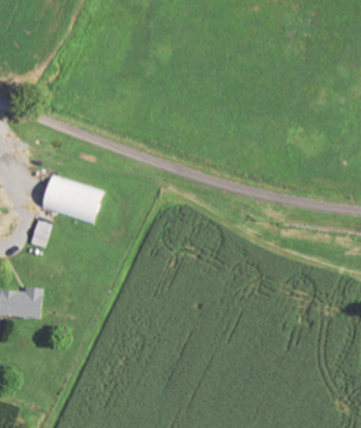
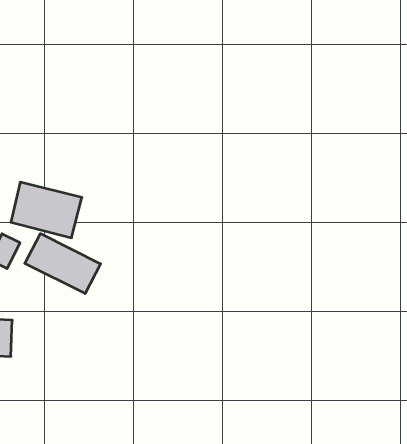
building: none -> [25,234,101,294]

